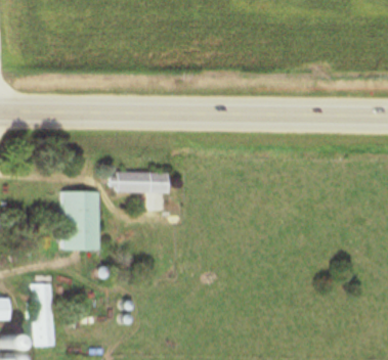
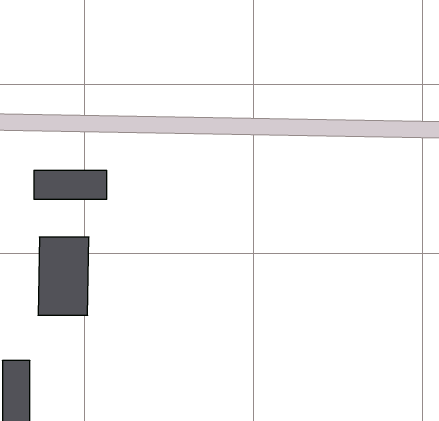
building: [112,171,166,192] -> [34,170,107,199]

